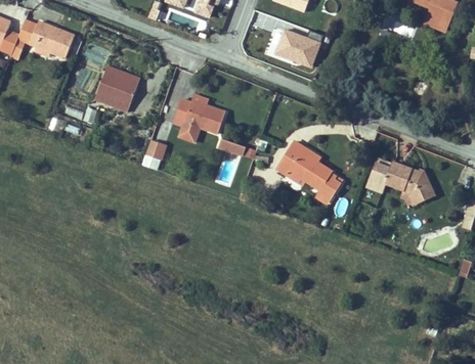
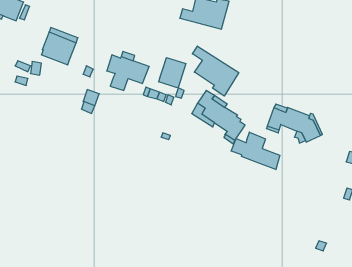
building: none -> [192,46,239,96]
building: none -> [159,58,186,88]
building: none -> [231,132,280,170]

